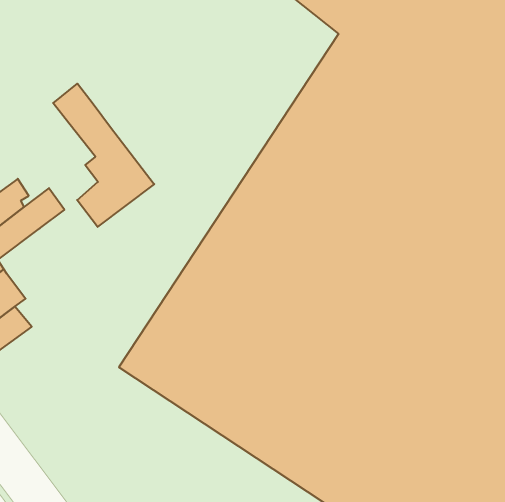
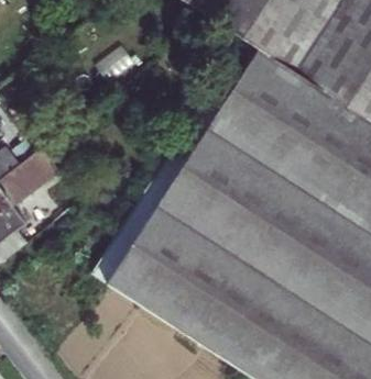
building: [53,84,154,227] -> none

